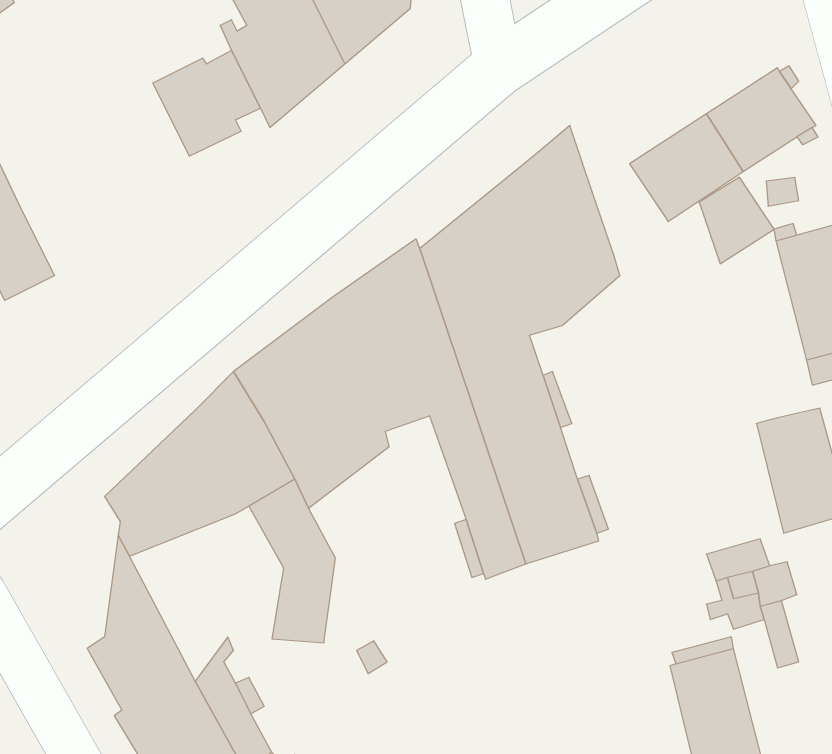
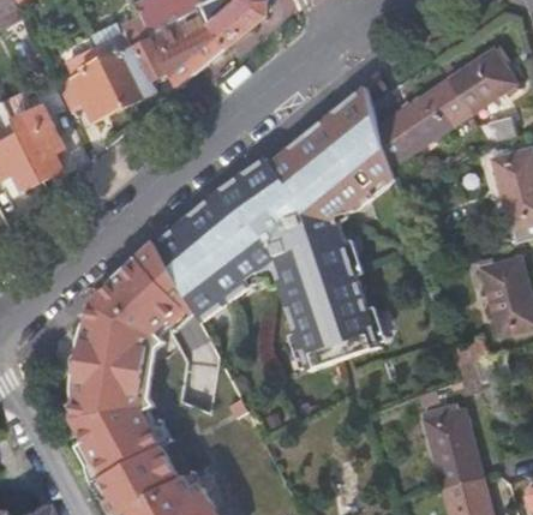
building: none -> [60,59,126,114]
building: none -> [19,104,65,179]
building: [699,177,774,264] -> [378,113,425,167]
building: none -> [89,328,162,432]

